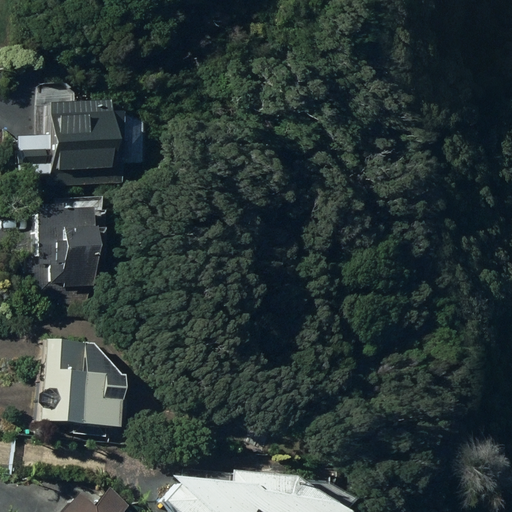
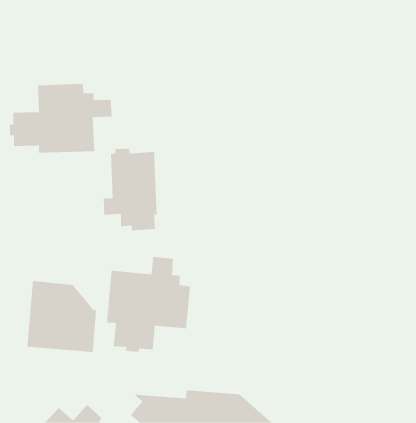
building: [29,204,95,304] -> [103,148,157,231]
building: none -> [107,256,191,352]

